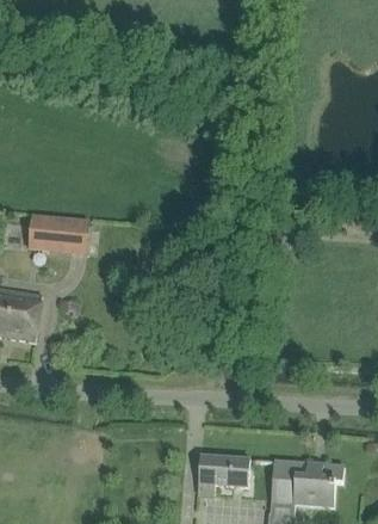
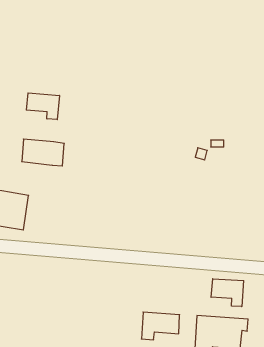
building: none -> [26,93,59,120]
building: none -> [211,279,244,307]

